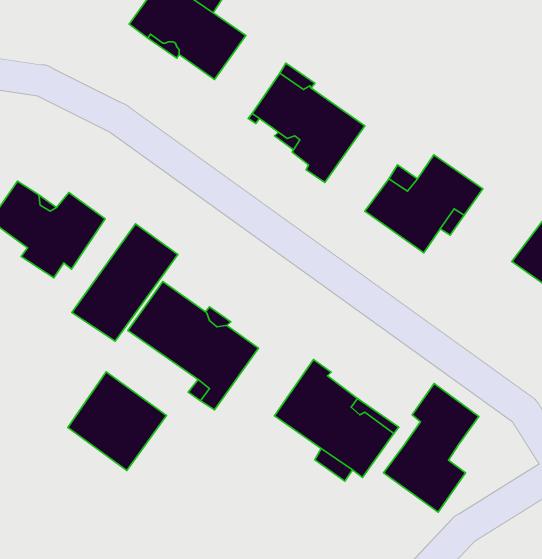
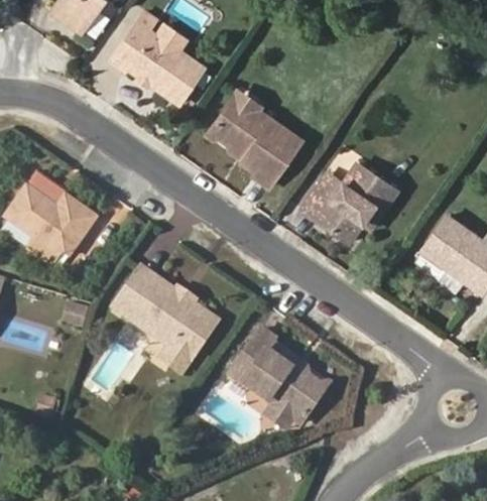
building: [72,224,178,341] -> none
building: [68,372,166,471] -> none
building: [384,384,479,512] -> none

